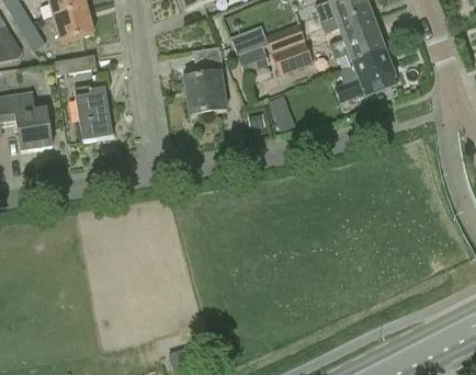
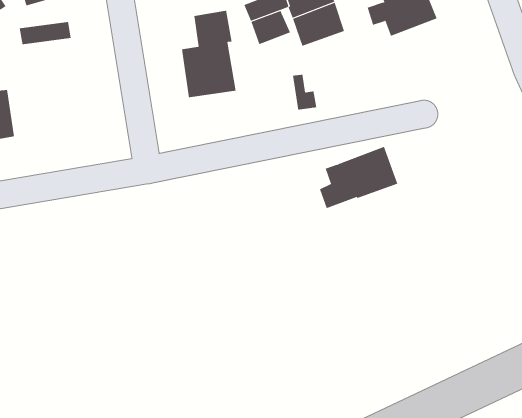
building: [336,53,398,102] -> [319,146,398,209]
building: [75,83,113,141] -> none

